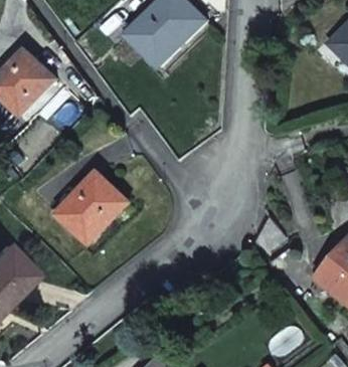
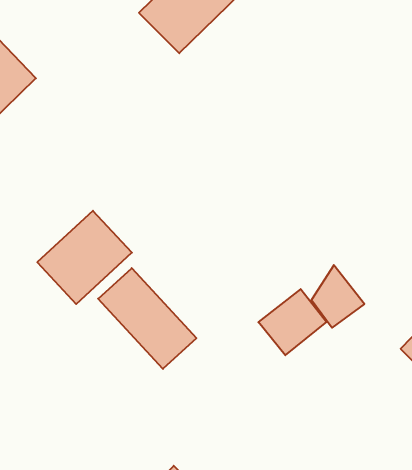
building: none -> [98,268,196,369]
building: none -> [258,289,326,355]

